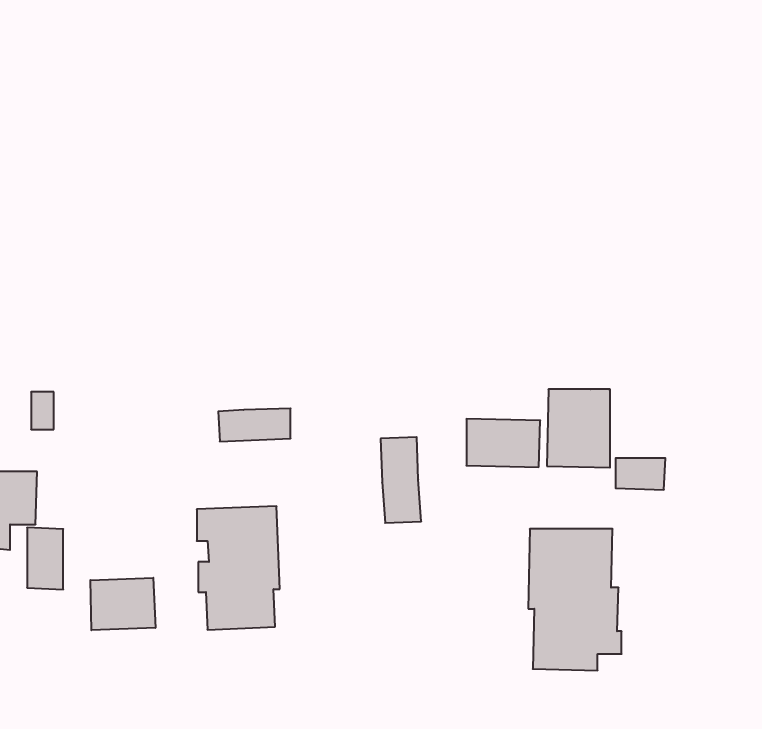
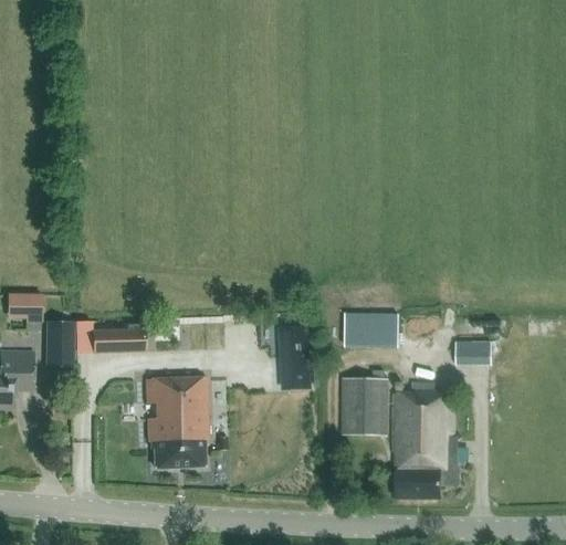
building: [547,389,610,468] -> [339,376,386,433]
building: [218,408,291,441] -> [92,327,145,352]
building: [27,528,63,589] -> [46,319,73,365]
building: [90,578,155,630] -> none

